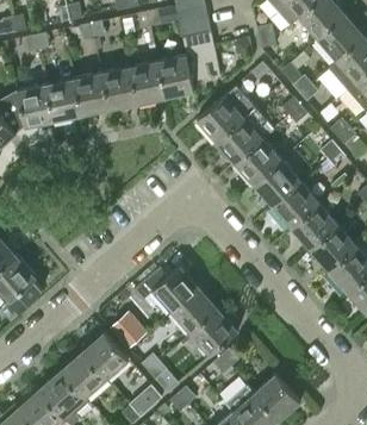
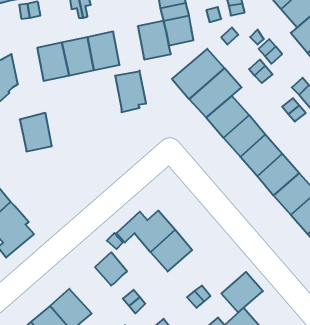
building: [130,61,164,107] -> [115,70,146,112]
building: [17,85,52,127] -> [20,113,52,151]
building: [191,310,237,355] -> [221,272,263,313]
building: [81,332,127,380] -> none

